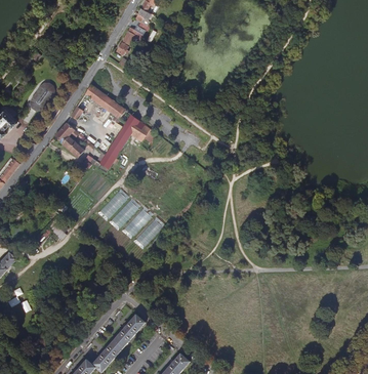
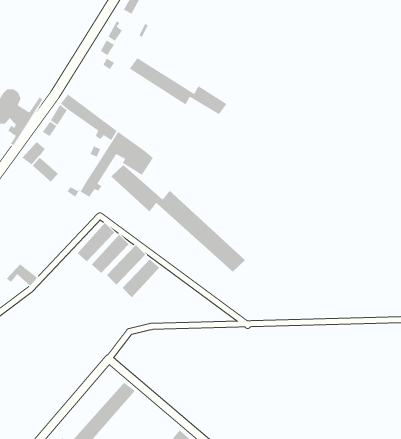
building: none -> [129,57,227,115]
building: none -> [111,164,246,273]

